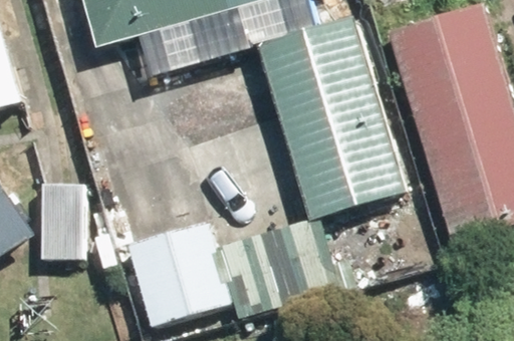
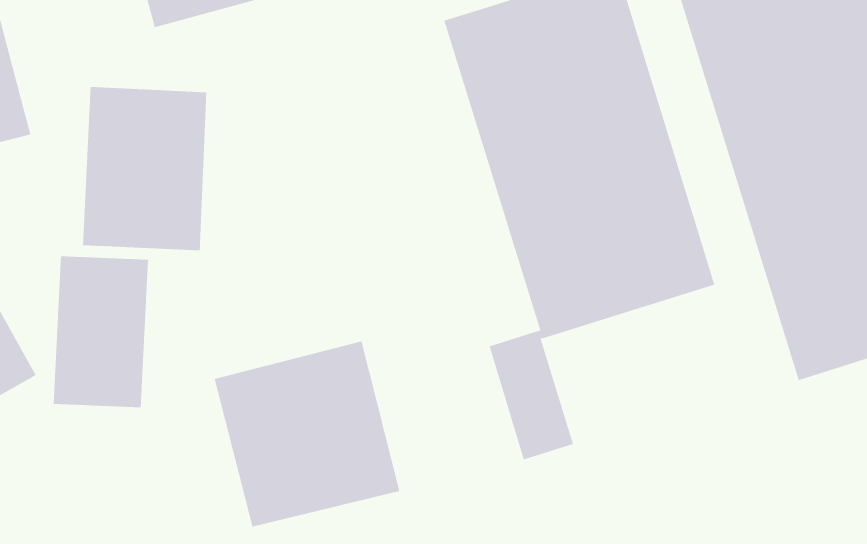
building: none -> [82,86,207,251]

